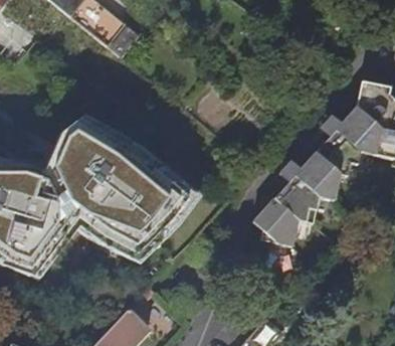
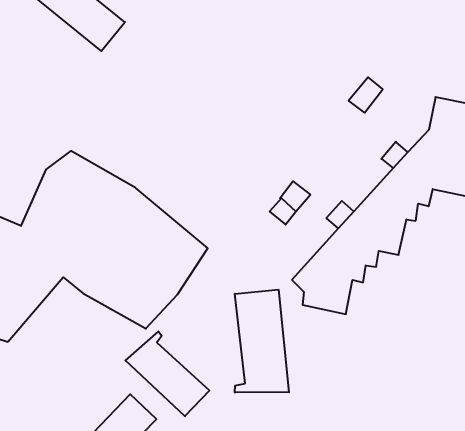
building: none -> [235,290,289,393]
building: none -> [125,331,209,416]

